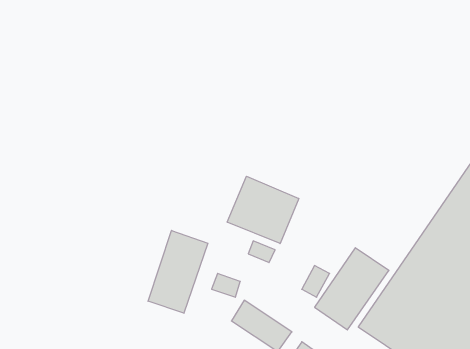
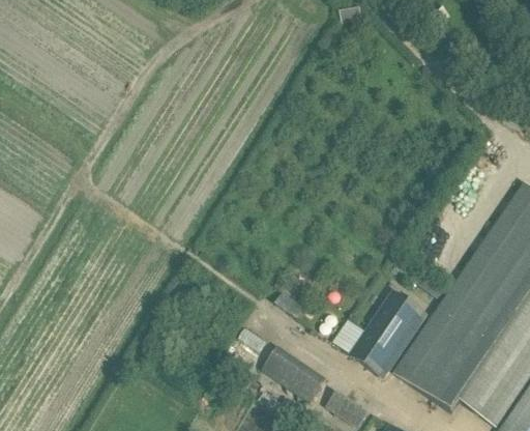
building: [227,176,299,244] -> none
building: [148,230,208,313] -> none

